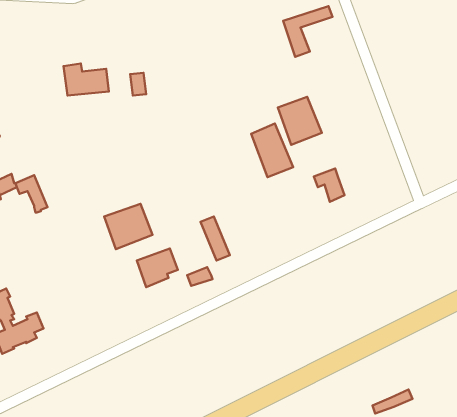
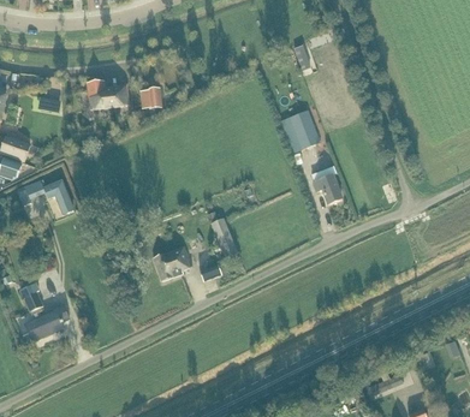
building: [251,123,293,177] -> none
building: [104,204,152,249] -> none

